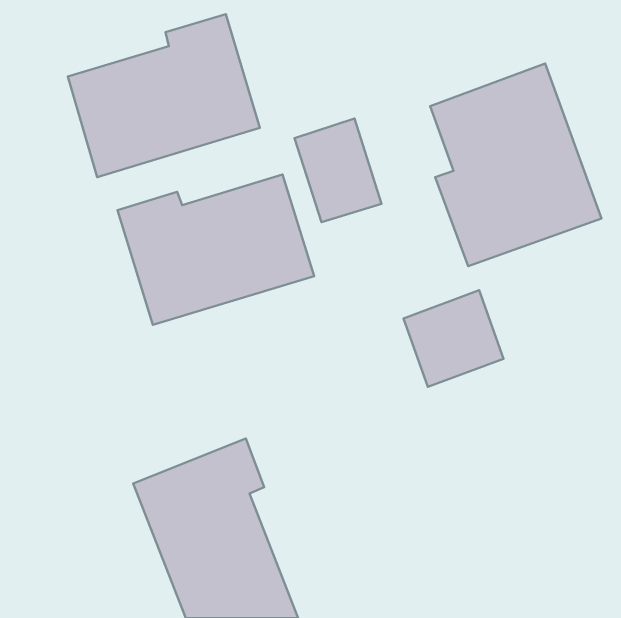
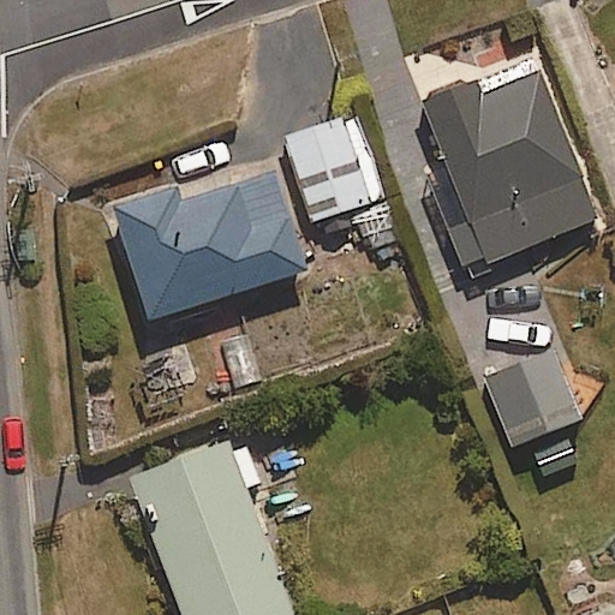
building: [68,14,260,177] -> none
building: [403,290,504,387] -> [485,352,584,447]

